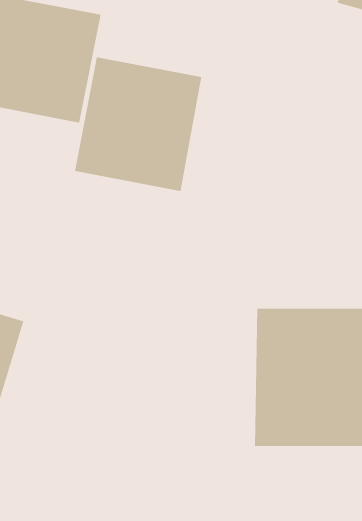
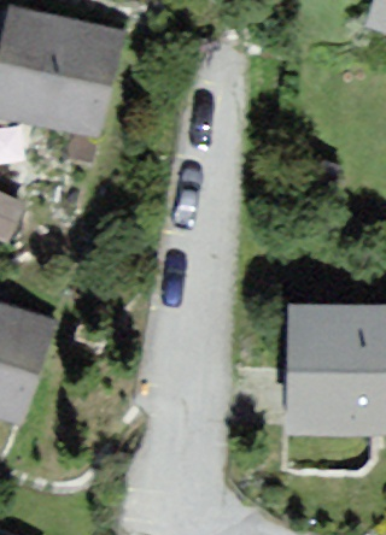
building: [75,57,202,192] -> none

